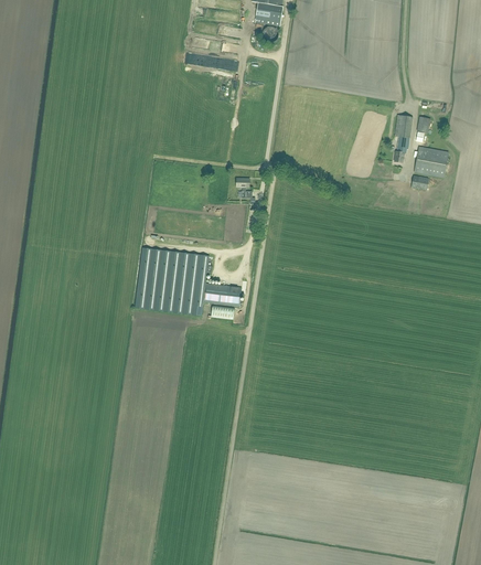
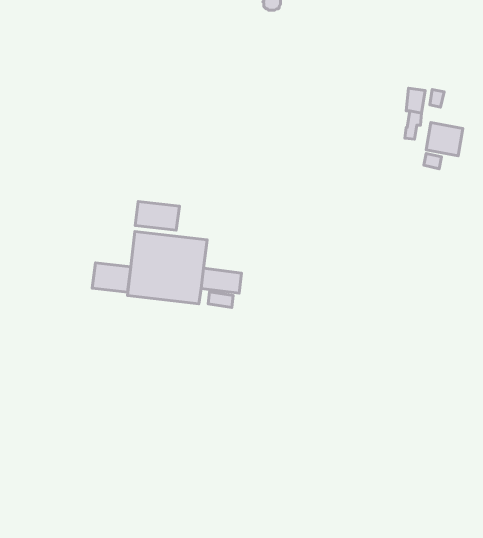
building: none -> [135,201,179,230]
building: none -> [92,263,131,292]

